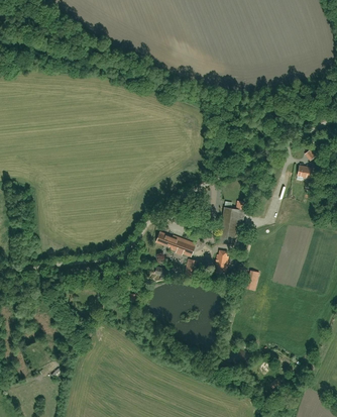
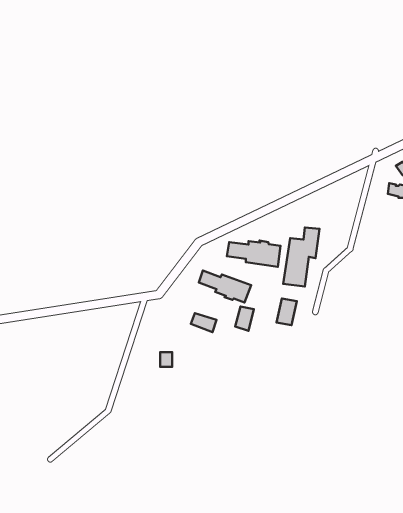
building: none -> [227,241,280,267]

